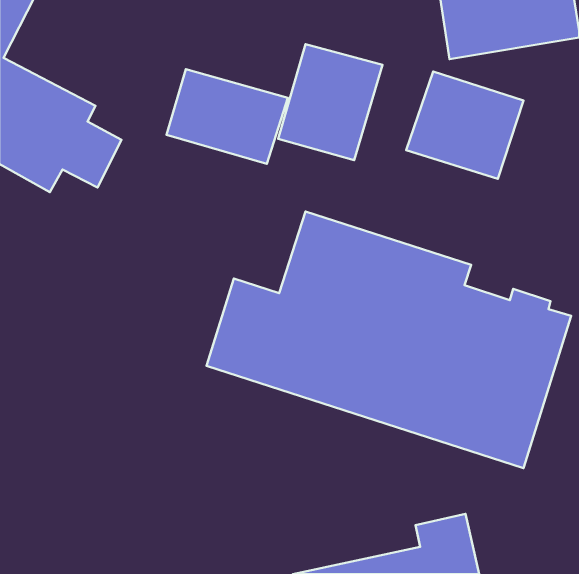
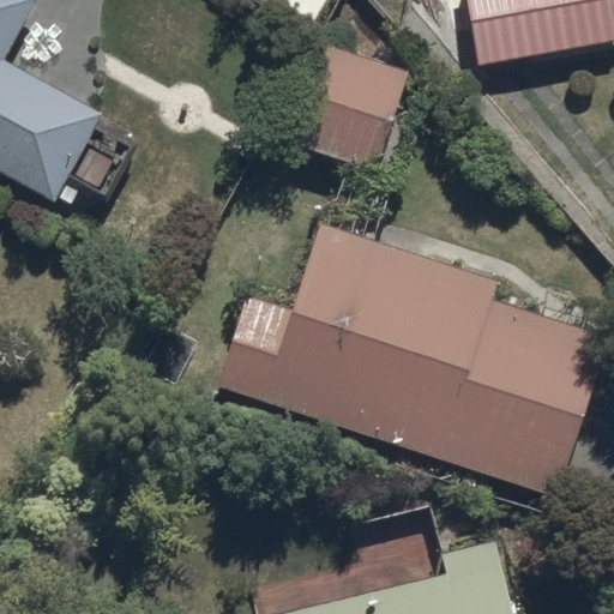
building: [166,69,288,164] -> none
building: [406,71,523,179] -> none

